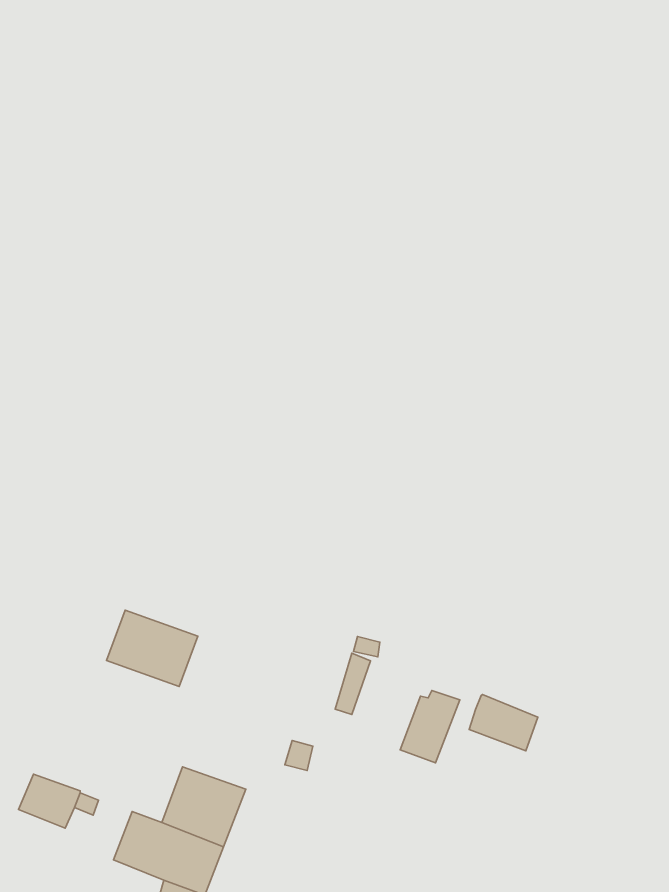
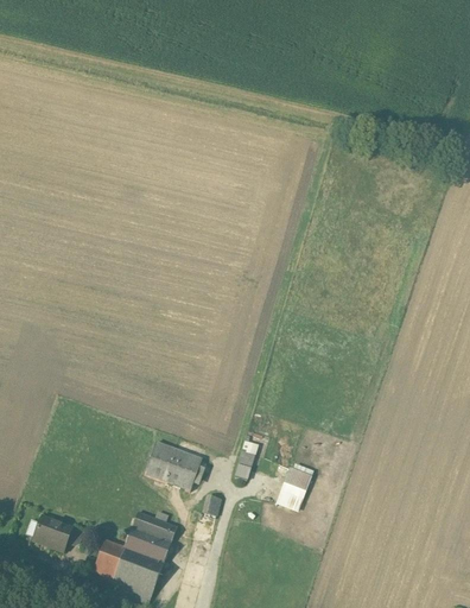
building: [106,610,198,687] -> [144,442,202,490]
building: [469,694,538,751] -> none

